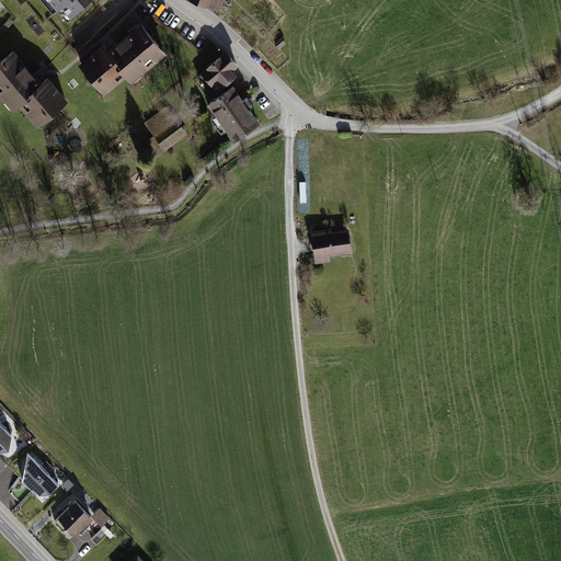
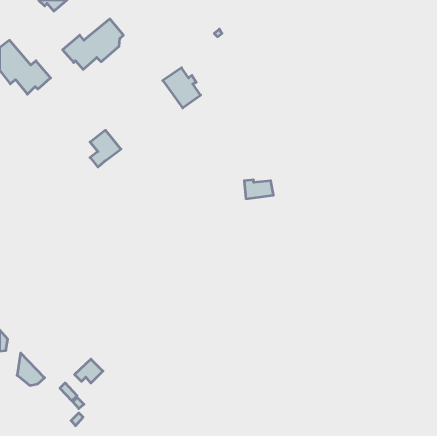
building: [202,54,236,91] -> none
building: [145,110,184,157] -> [90,130,121,167]
building: [54,503,90,534] -> [75,359,103,383]

